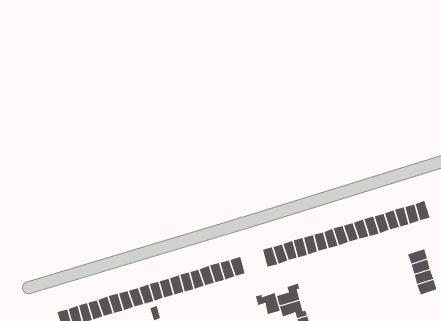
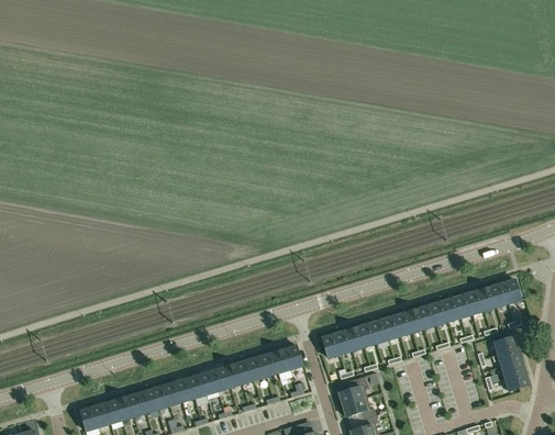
building: [255,292,280,315] -> none

